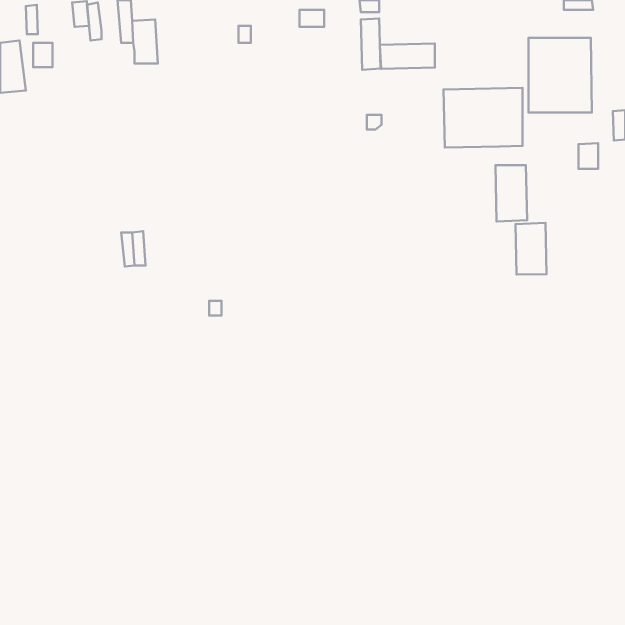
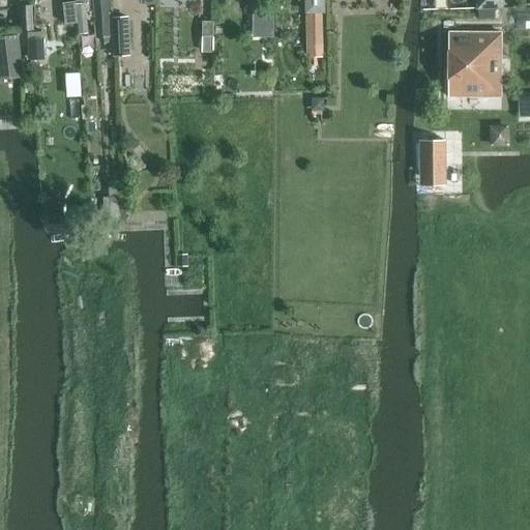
building: [380,43,435,69] -> none
building: [444,88,523,148] -> none
building: [516,223,547,274] -> none

